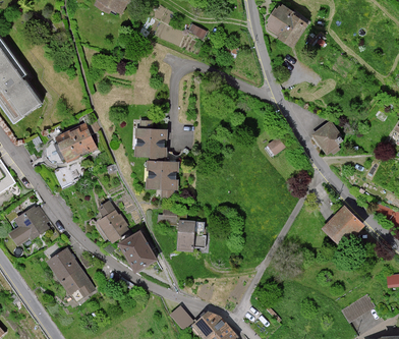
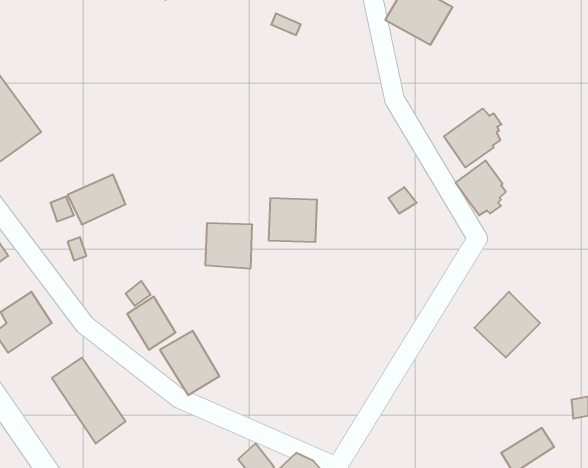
building: none -> [444,109,502,167]
building: [135,128,167,157] -> [269,198,317,242]
building: [176,220,194,251] -> none

